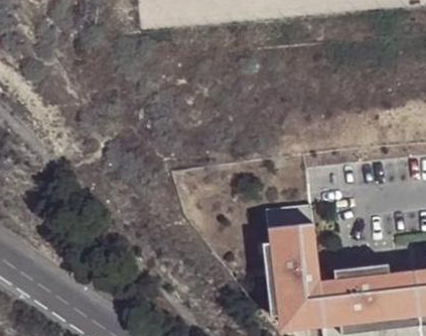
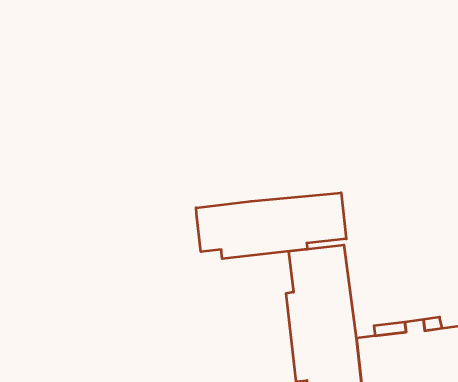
building: none -> [196,193,346,259]

